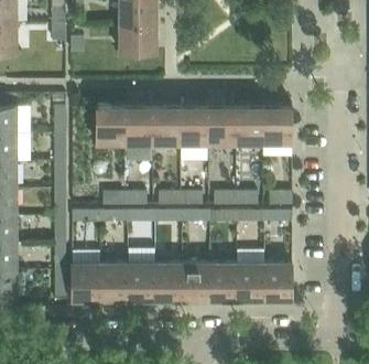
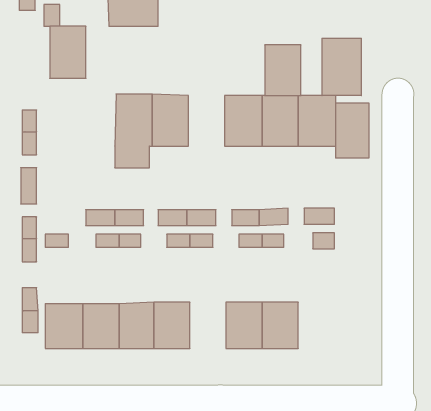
building: none -> [322,38,361,96]
building: [97,105,124,144] -> [50,26,86,78]
building: [181,106,208,144] -> [265,45,301,96]
building: none -> [336,103,369,158]
building: [182,264,209,299] -> none
building: [264,264,292,299] -> none

